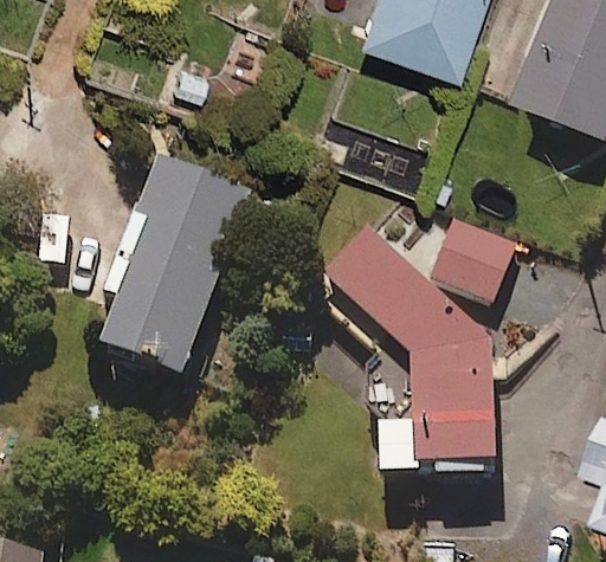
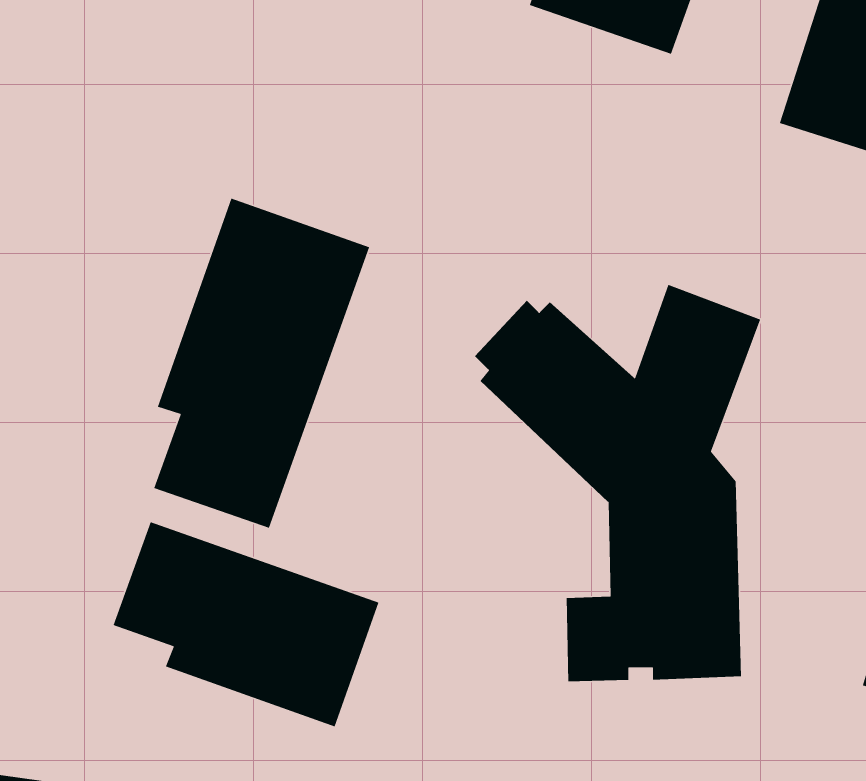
building: none -> [113,521,380,727]

